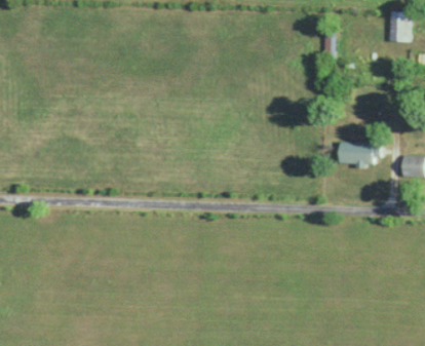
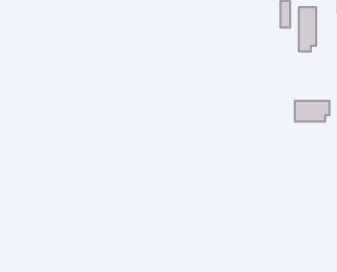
building: none -> [299,7,316,52]

